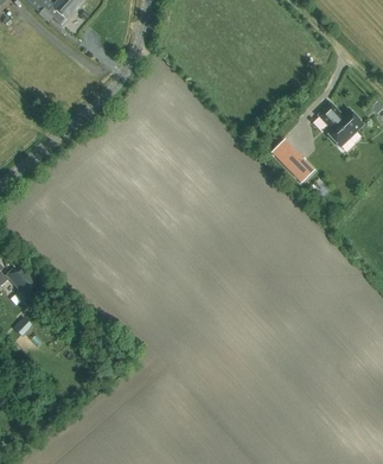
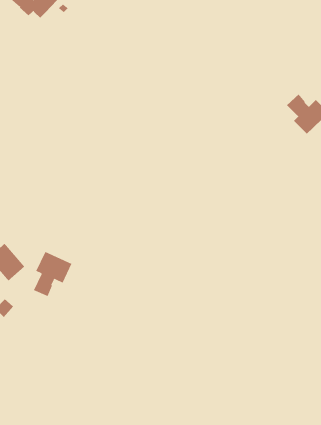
building: [272,139,314,183] -> none
building: none -> [33,251,72,297]

